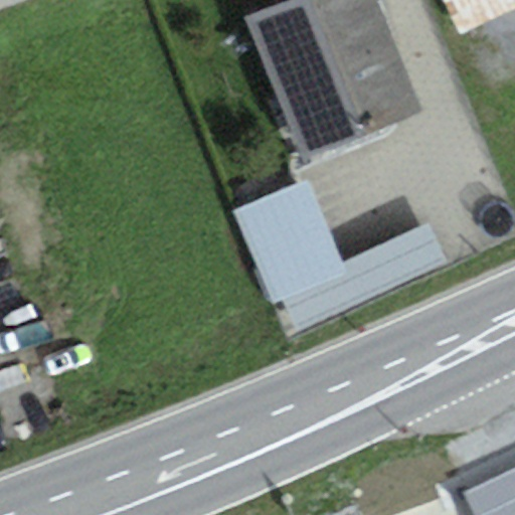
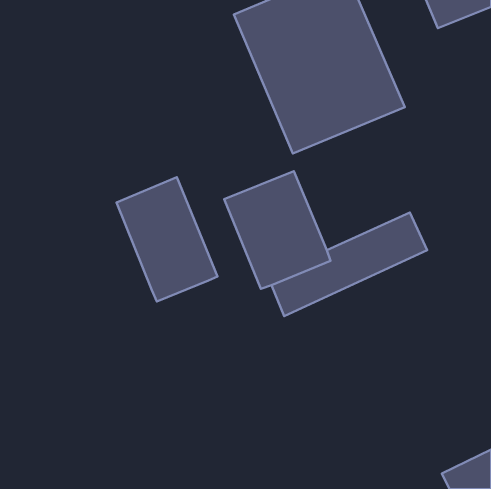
building: none -> [116,177,217,302]

